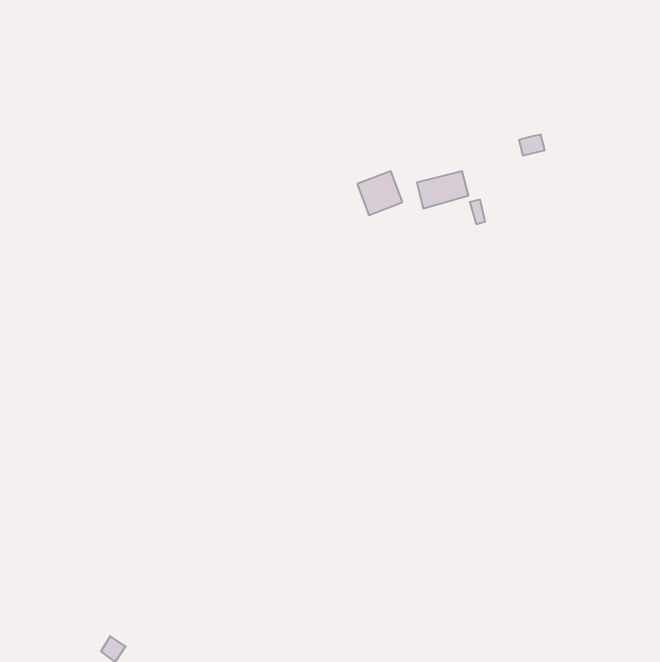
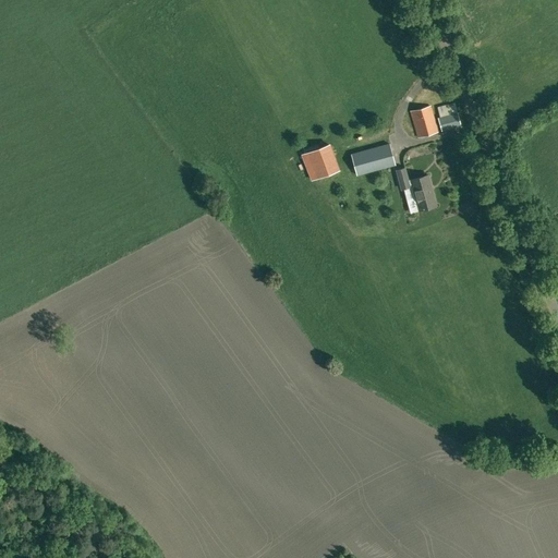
building: none -> [410,105,437,137]
building: none -> [410,174,436,209]

